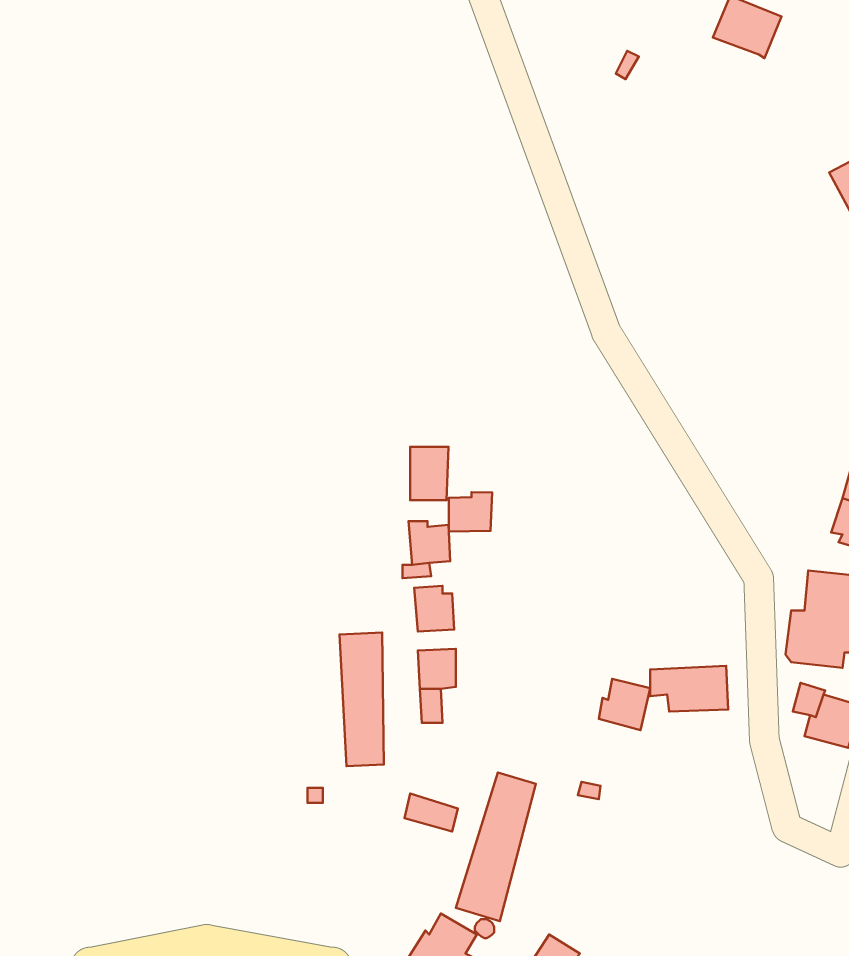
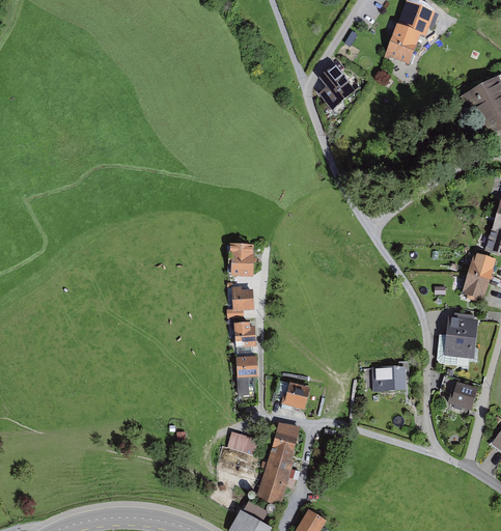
building: none -> [387,23,422,63]
building: none -> [319,65,356,108]
building: [449,492,492,531] -> none
building: [339,632,384,766] -> none
building: [599,679,650,730] -> [282,382,310,410]

